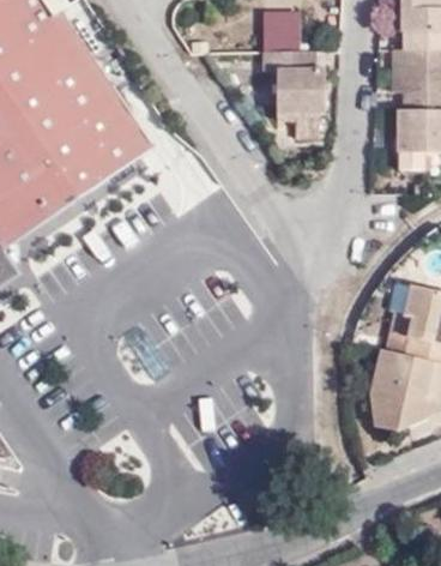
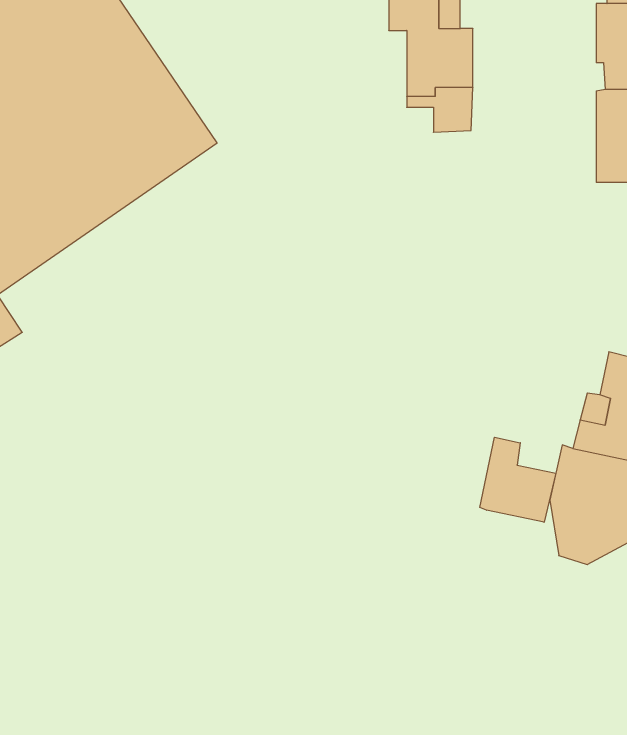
building: none -> [480,437,556,522]

